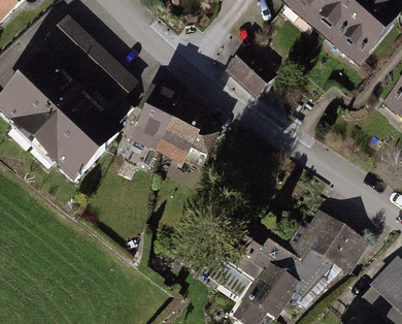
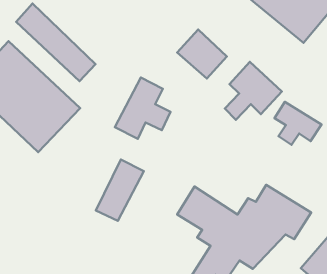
building: none -> [225,62,282,120]
building: [132,85,183,151] -> [96,160,144,221]
building: none -> [275,102,321,145]

